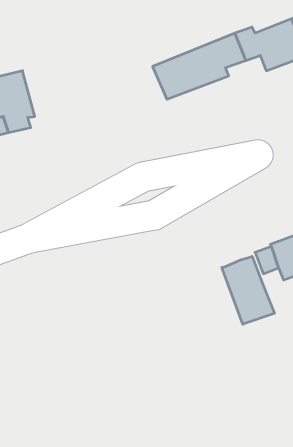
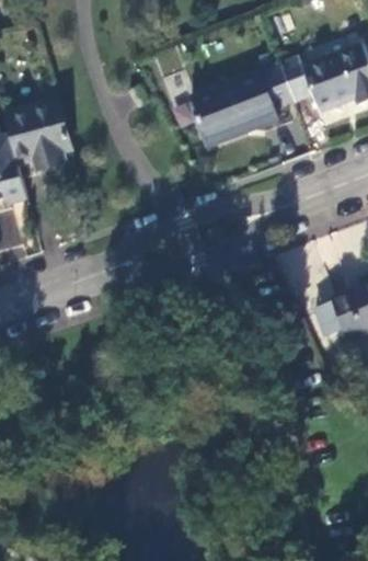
building: [222,256,274,324] -> none

